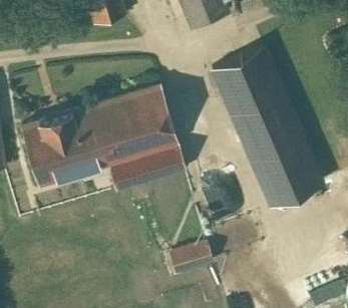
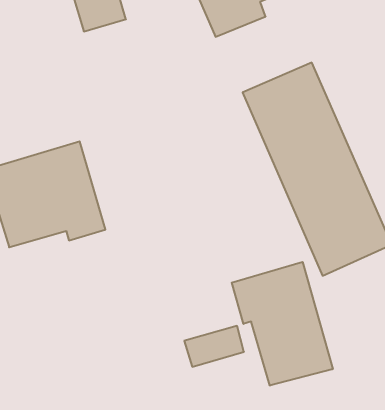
building: [91,87,186,193] -> none
building: none -> [232,262,333,386]

